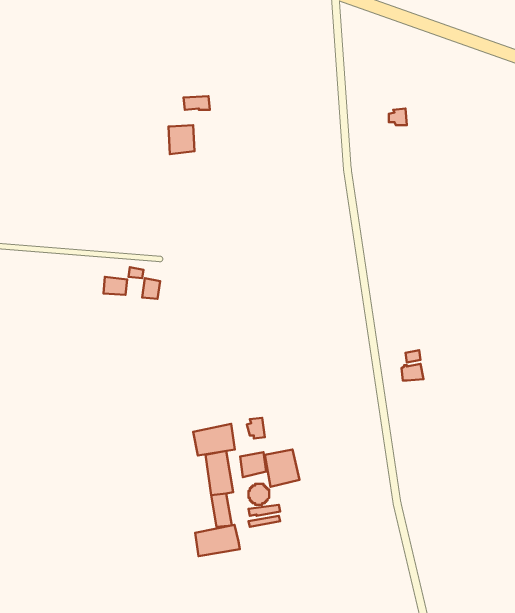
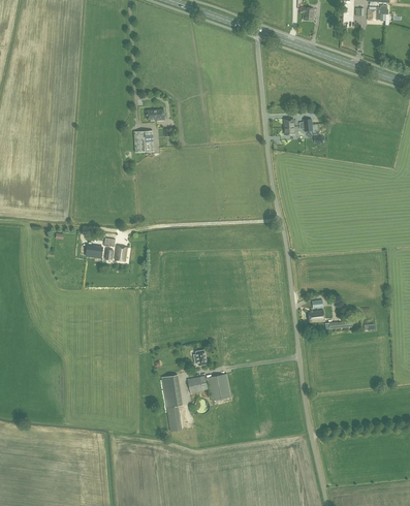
building: [193,424,235,456] -> none
building: [195,525,240,556] -> none

